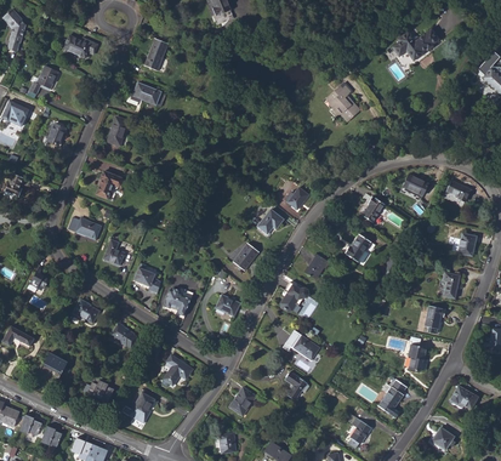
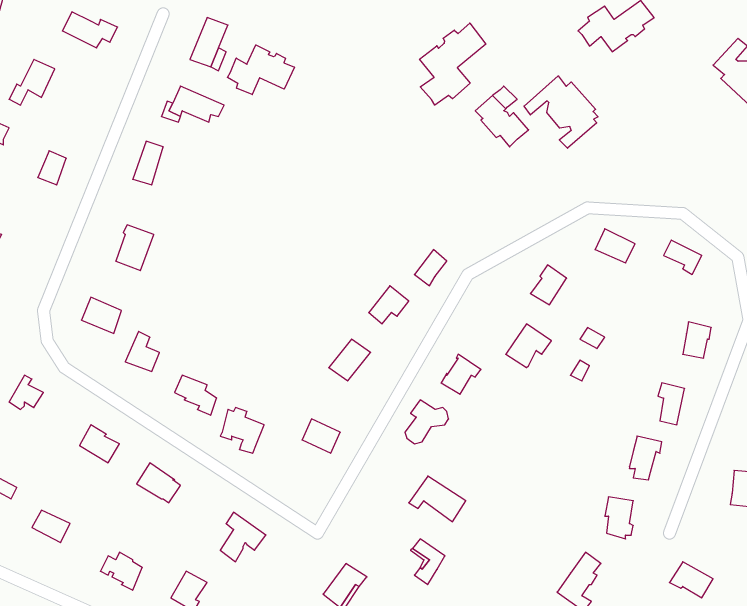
building: none -> [420,23,486,105]
building: none -> [227,45,294,95]
building: none -> [524,76,598,148]

